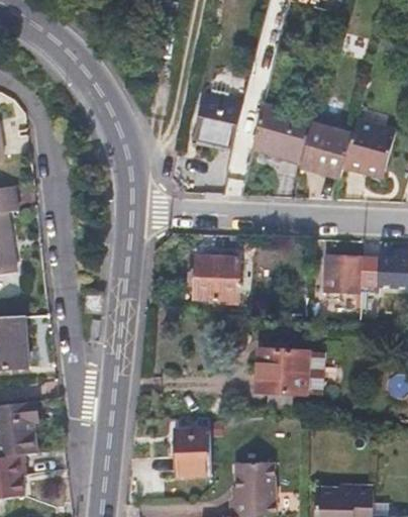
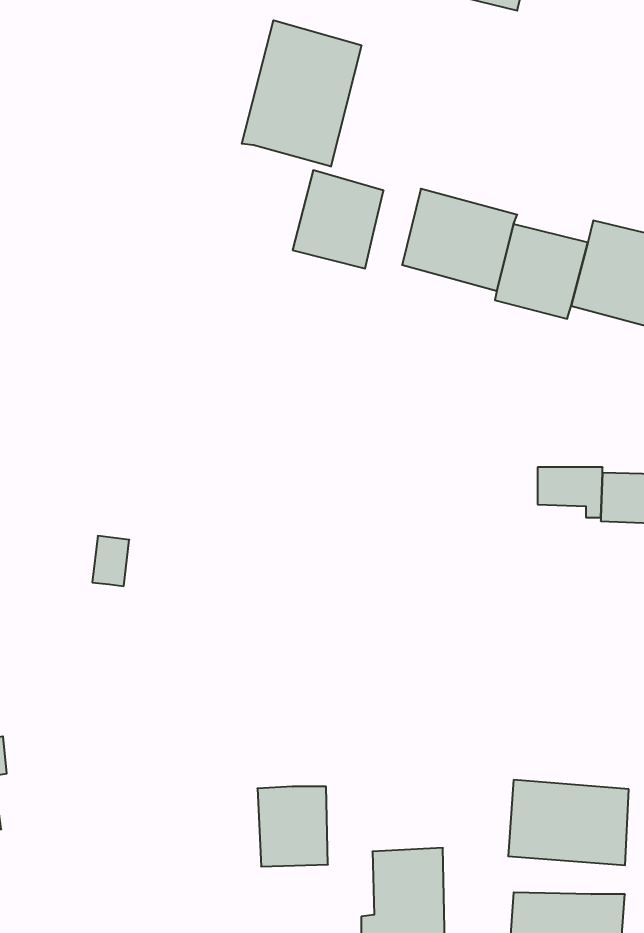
building: none -> [242,20,361,167]
building: [195,257,238,300] -> none
building: [260,347,325,394] -> [508,780,629,865]

